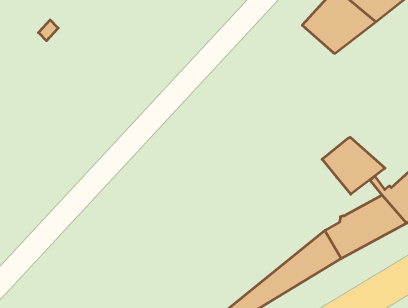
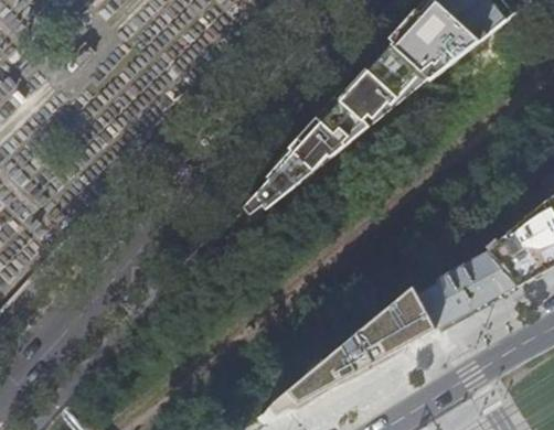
building: none -> [246,49,420,213]
building: [322,137,385,194] -> none

